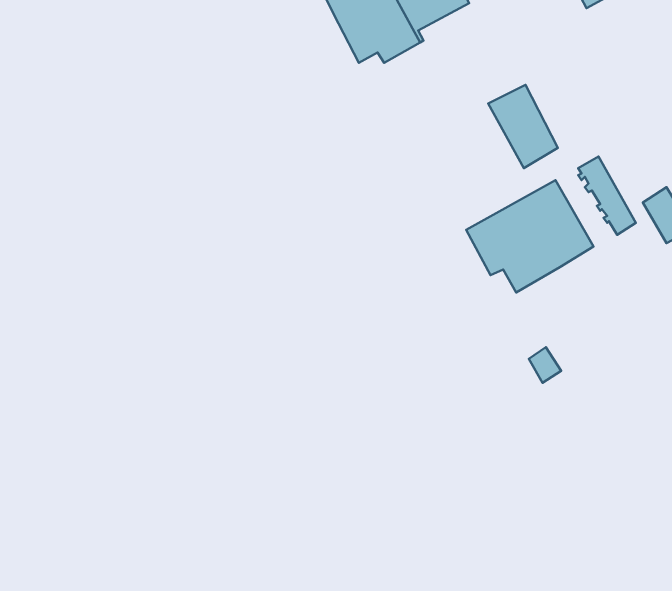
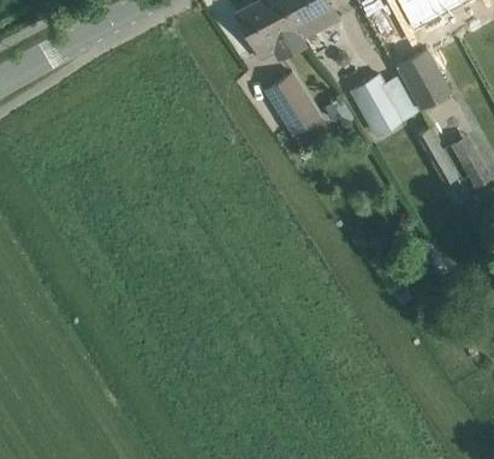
building: none -> [397,49,451,109]
building: none -> [264,73,319,133]
building: [466,180,594,293] -> none

